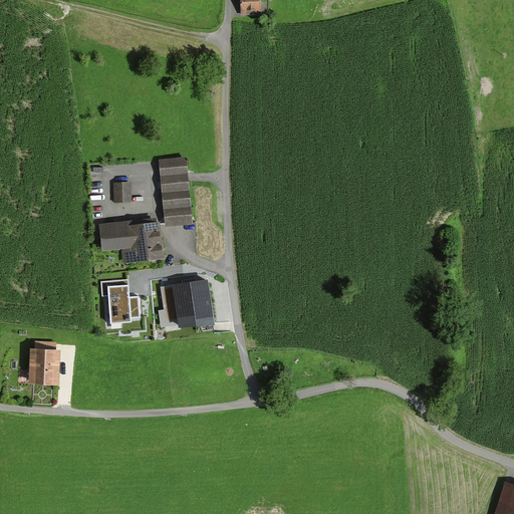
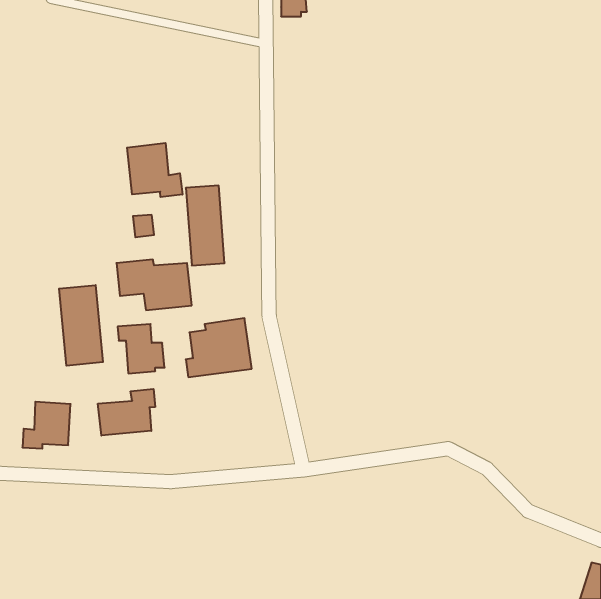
building: none -> [127,143,182,197]
building: none -> [59,285,103,366]
building: none -> [98,389,155,436]

